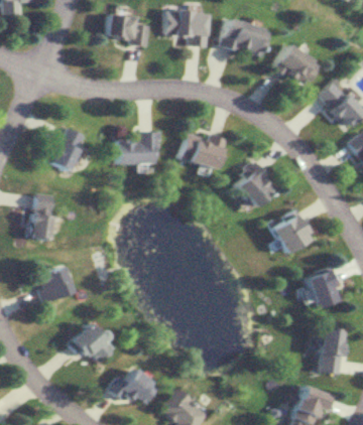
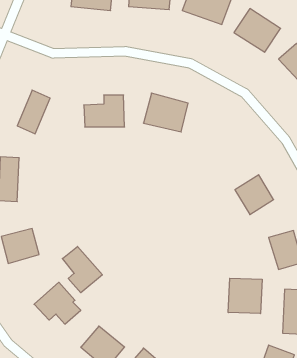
building: [232,162,277,207] -> none
building: none -> [62,246,102,293]
building: none -> [228,278,262,314]

